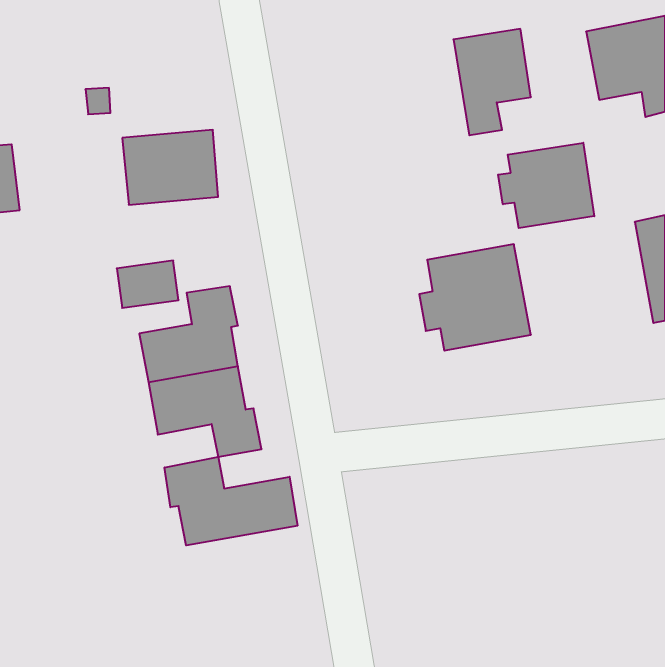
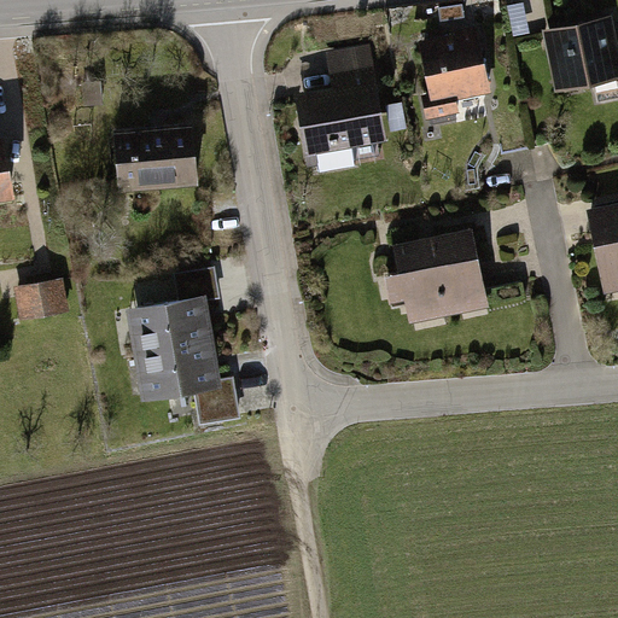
building: none -> [296,45,385,174]
building: [498,143,594,228] -> none
building: [117,261,179,308] -> [10,280,66,323]
building: [165,457,297,545] -> none

